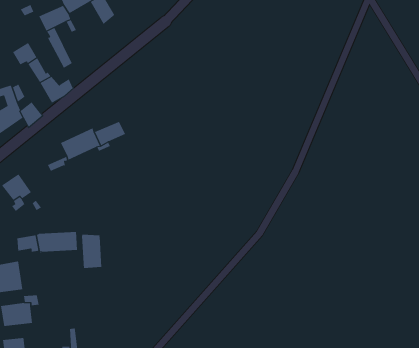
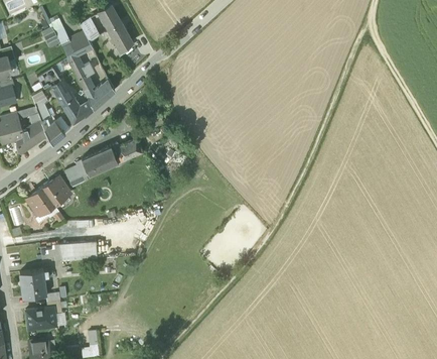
building: none -> [84,79,115,109]
building: none -> [42,176,68,205]
building: [81,234,102,269] -> none

